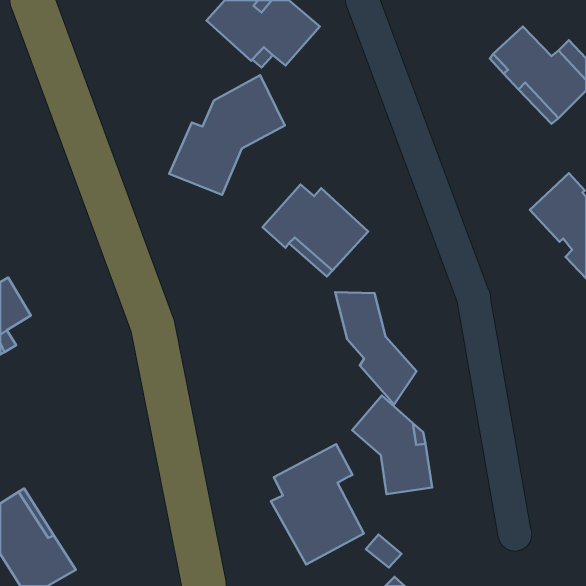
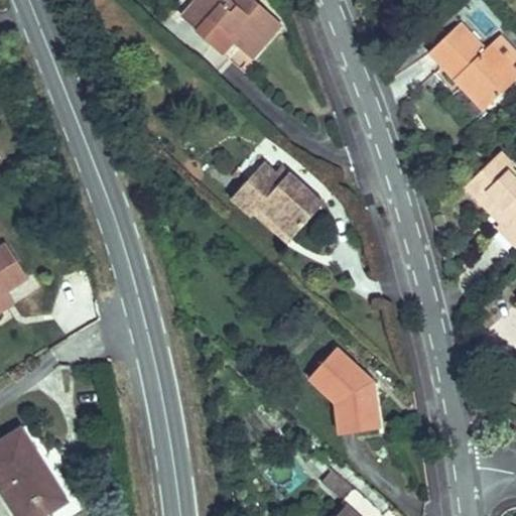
building: [169,75,285,195] -> none
building: [335,292,416,404] -> none
building: [271,444,364,565] -> none

